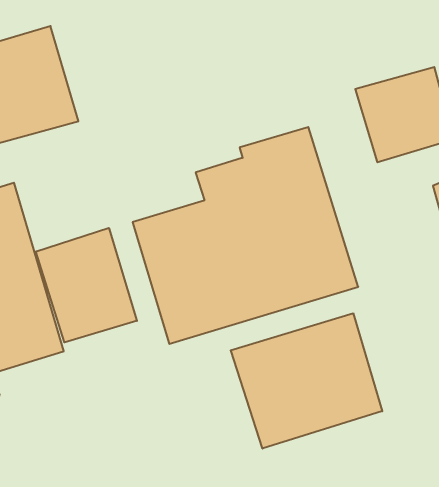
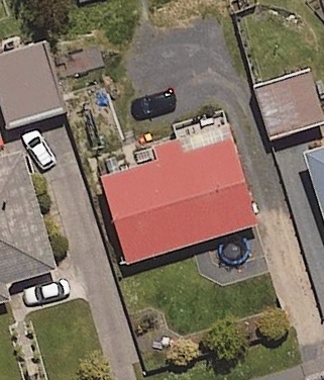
building: [36,228,137,342] -> none
building: [231,313,382,449] -> none

